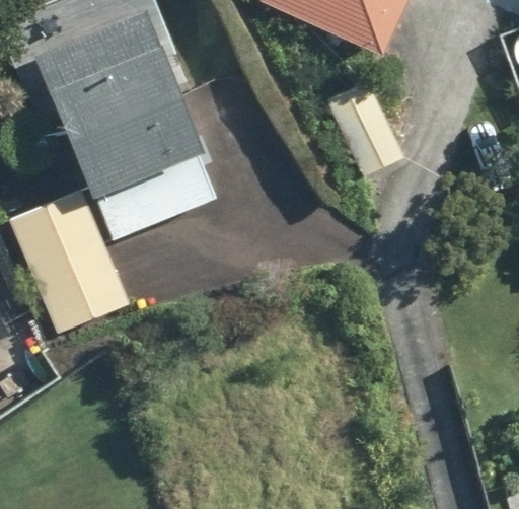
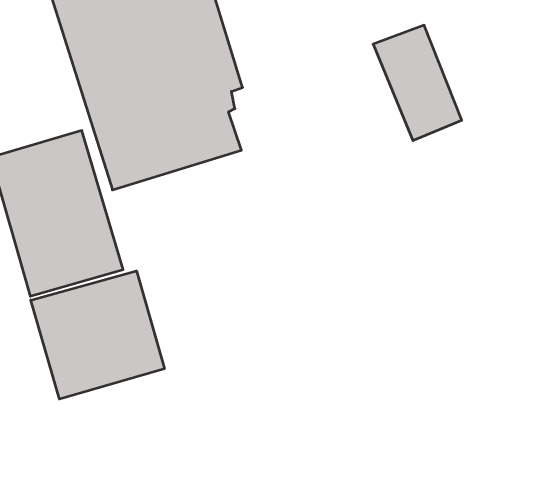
building: none -> [31,271,164,399]

